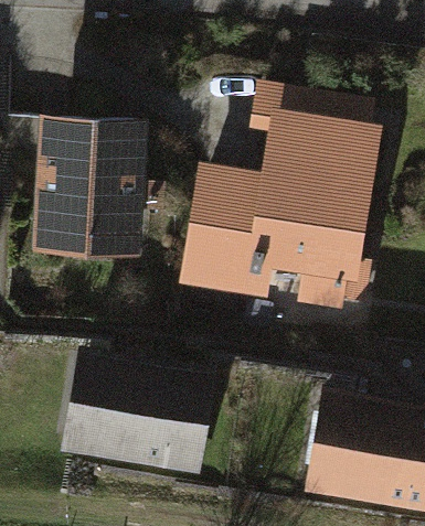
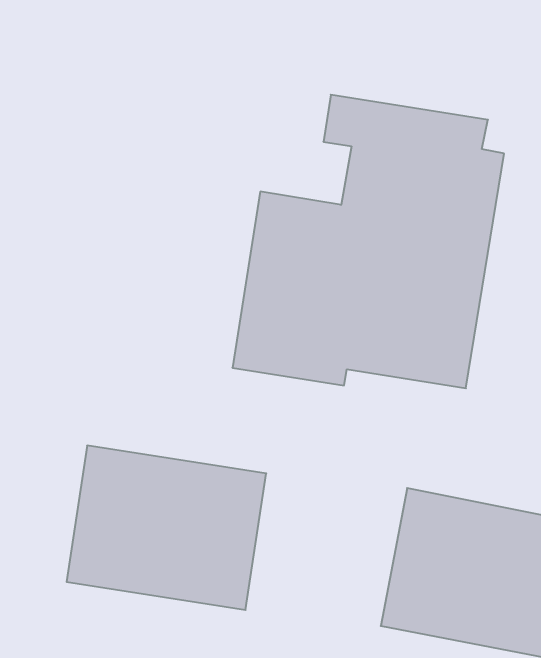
building: [32,115,160,258] -> none

